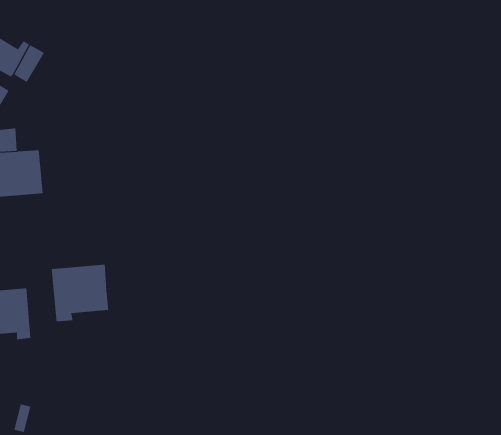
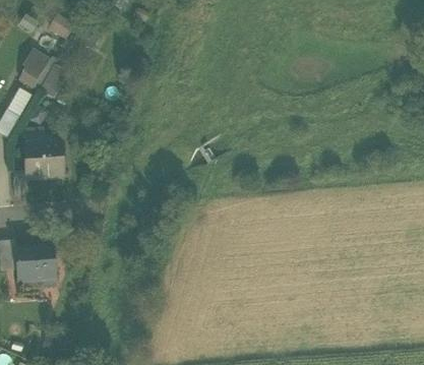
building: [51,264,109,322] -> none

